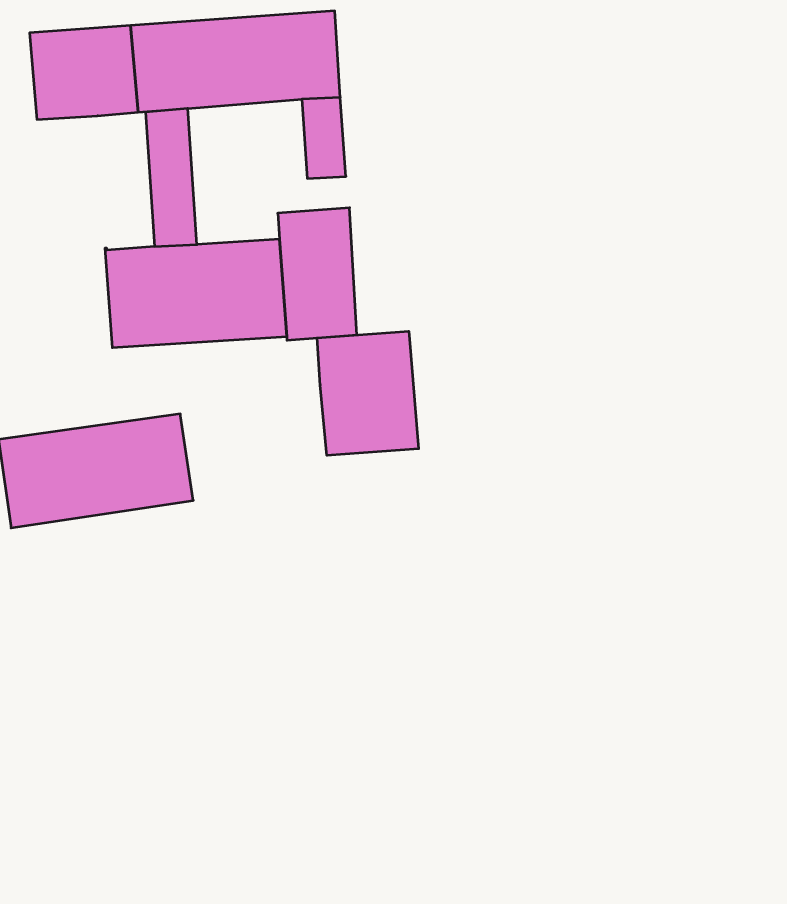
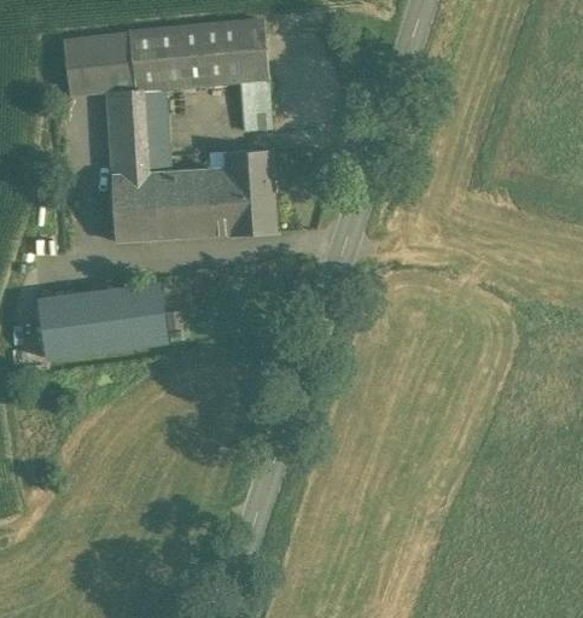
building: none -> [106,87,144,177]
building: [317,331,419,455] -> none

